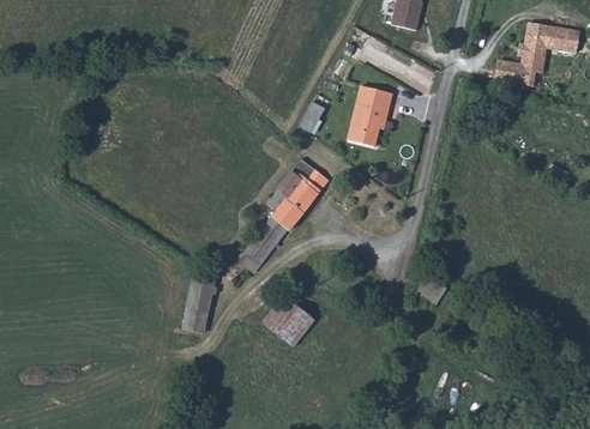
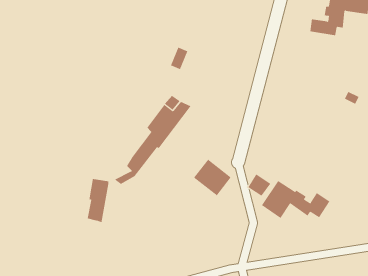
building: [345,85,390,146] -> none
building: none -> [261,180,330,219]
building: [263,291,317,344] -> [193,159,231,196]

